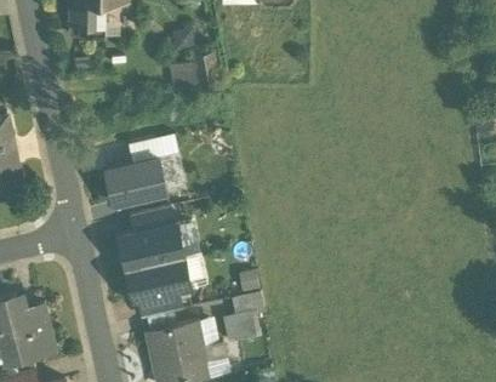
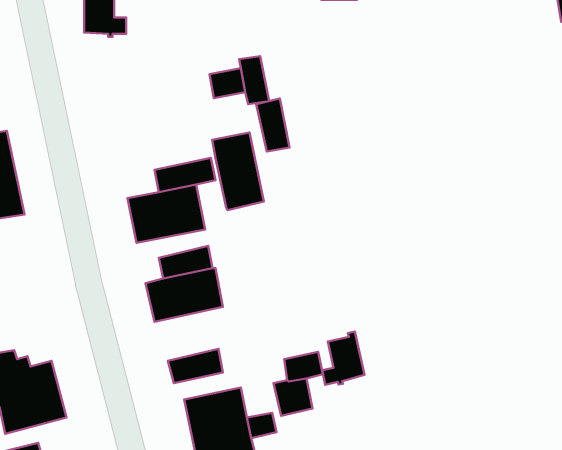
building: none -> [256,98,290,152]
building: none -> [212,133,264,210]
building: [127,257,190,301] -> none
building: none -> [322,331,364,385]

